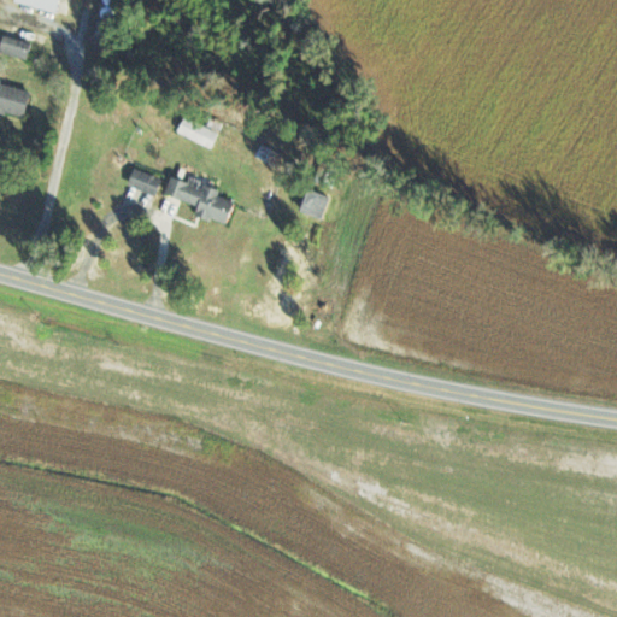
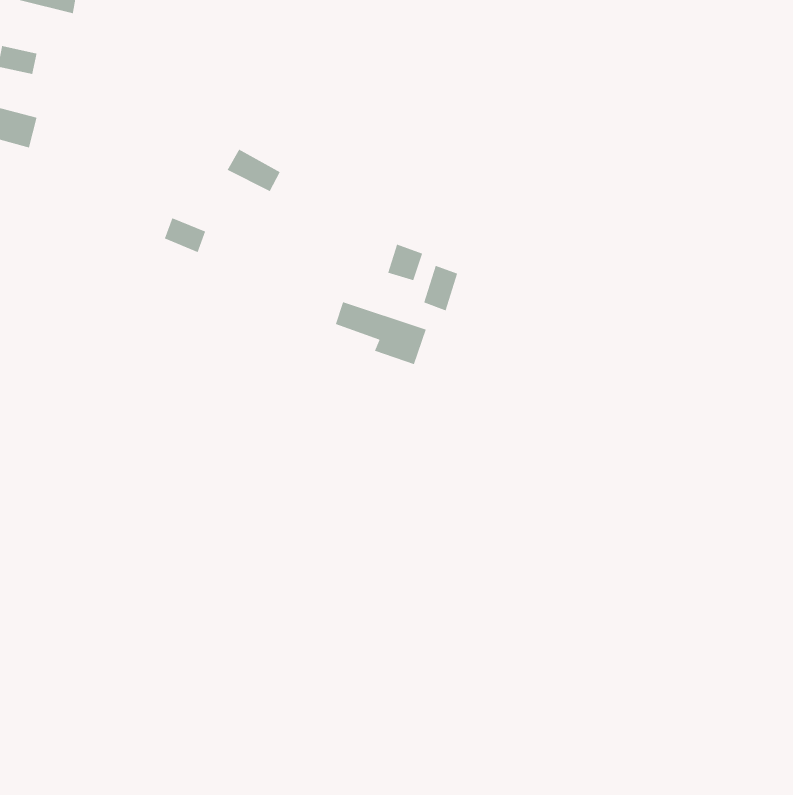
building: [163,175,234,224] -> [335,301,427,365]
building: none -> [423,265,458,311]

